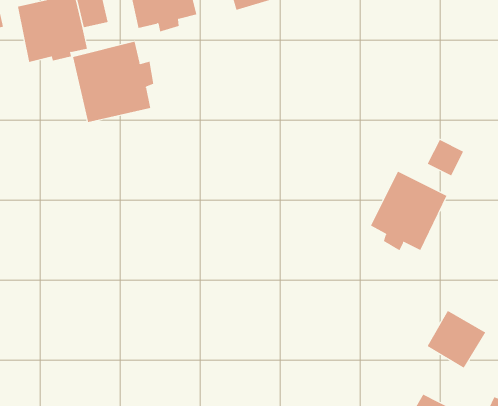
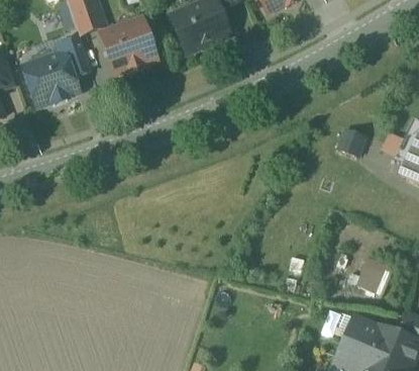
building: [73,41,154,123] -> none
building: [370,171,447,251] -> none

